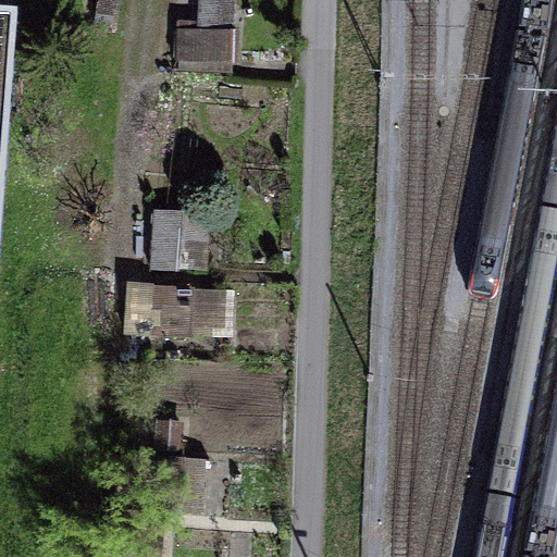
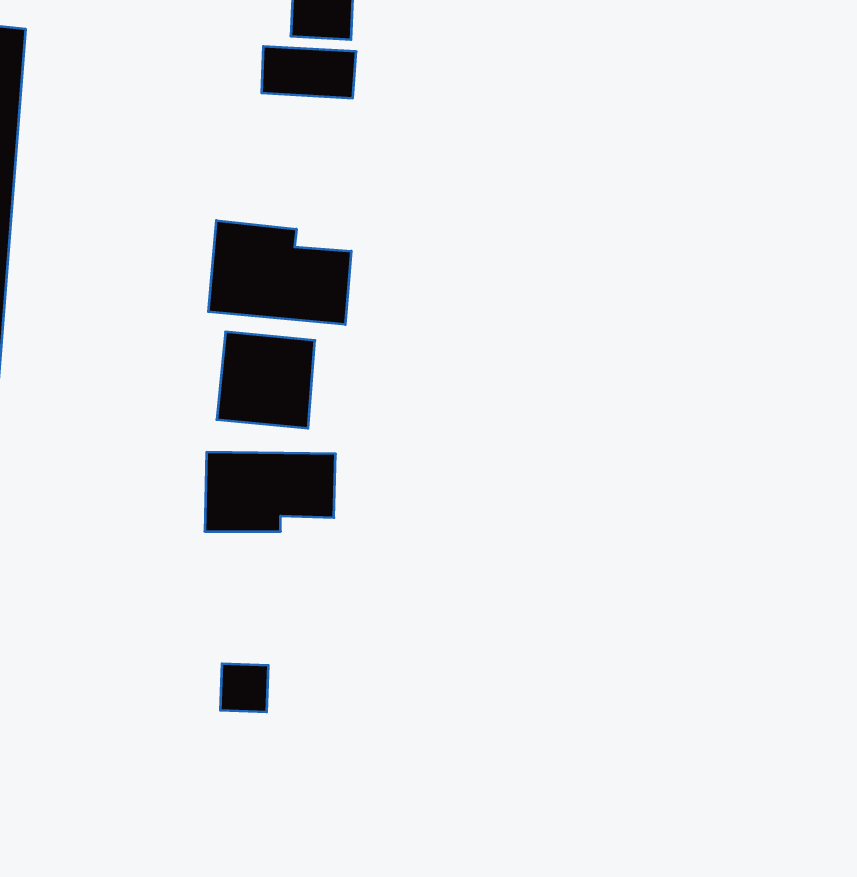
building: none -> [208,220,351,325]

